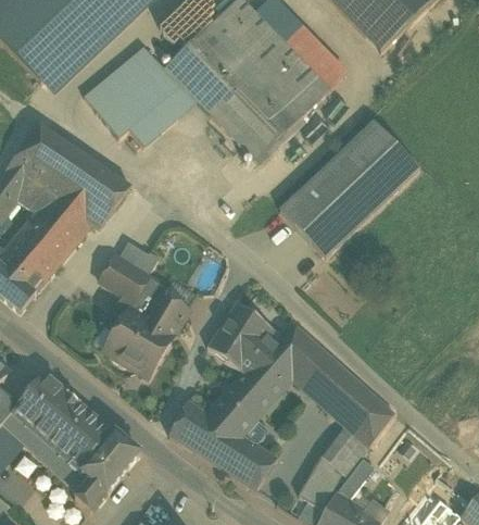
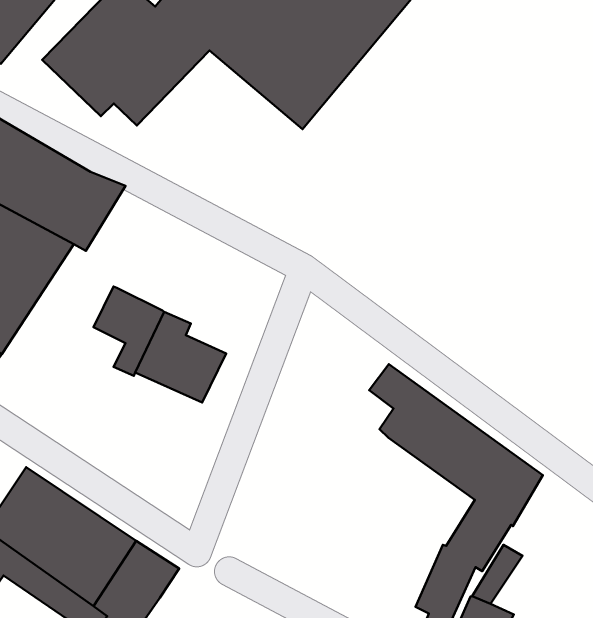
building: [278,118,418,258] -> none
building: [117,239,157,274] -> none
building: [168,301,297,489] -> none
building: [102,314,169,376] -> none

